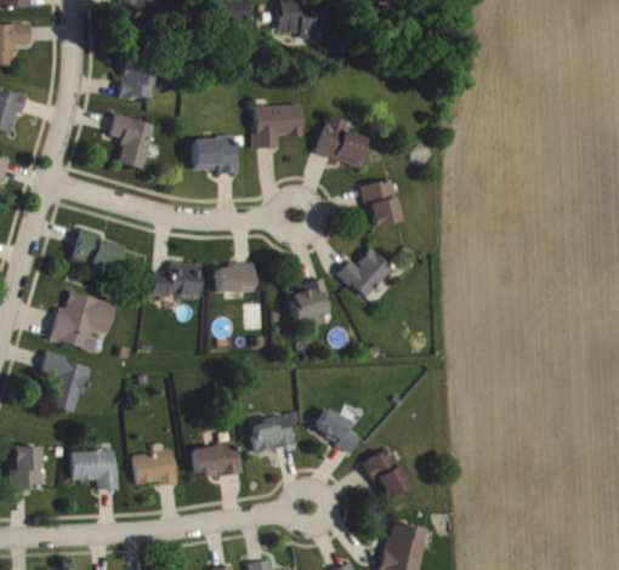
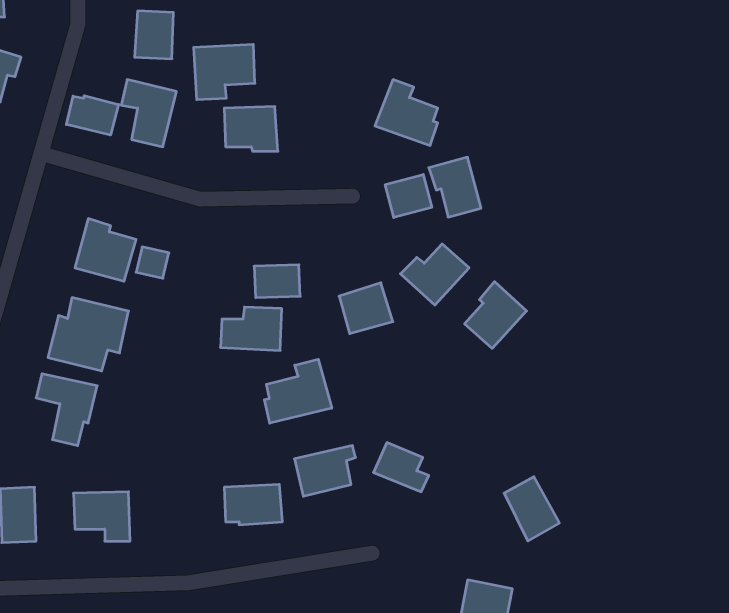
building: [251,103,301,148] -> [194,44,255,100]
building: none -> [66,96,119,135]
building: none -> [385,174,432,218]
building: [149,262,199,297] -> [220,307,282,350]
building: none -> [465,282,527,348]
building: none -> [264,359,332,423]
building: [364,448,409,500] -> [504,477,559,541]
building: [131,450,175,484] -> none

